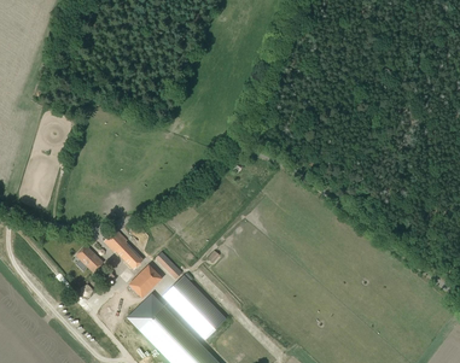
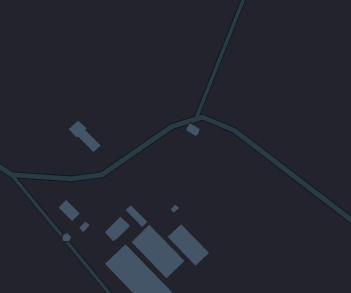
building: [103,229,142,268] -> [68,120,102,153]
building: none -> [167,223,210,266]

